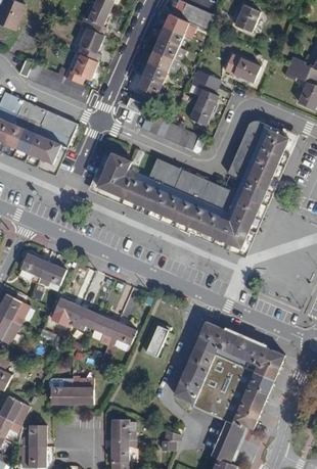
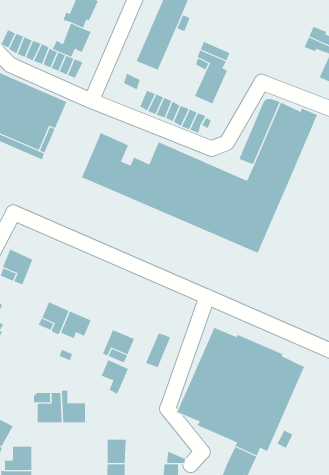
building: [224,53,261,82] -> none
building: [32,261,65,299] -> none
building: [92,314,117,344] -> [101,359,129,394]

